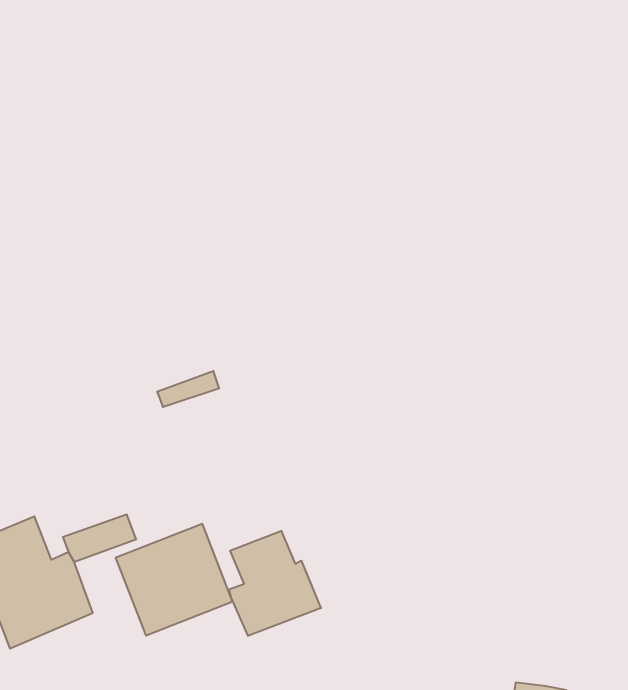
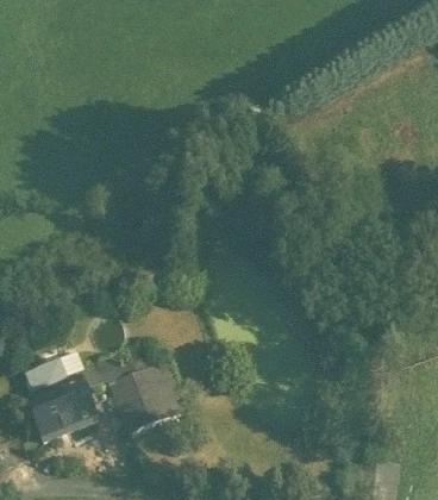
building: [229,531,321,636] -> none

